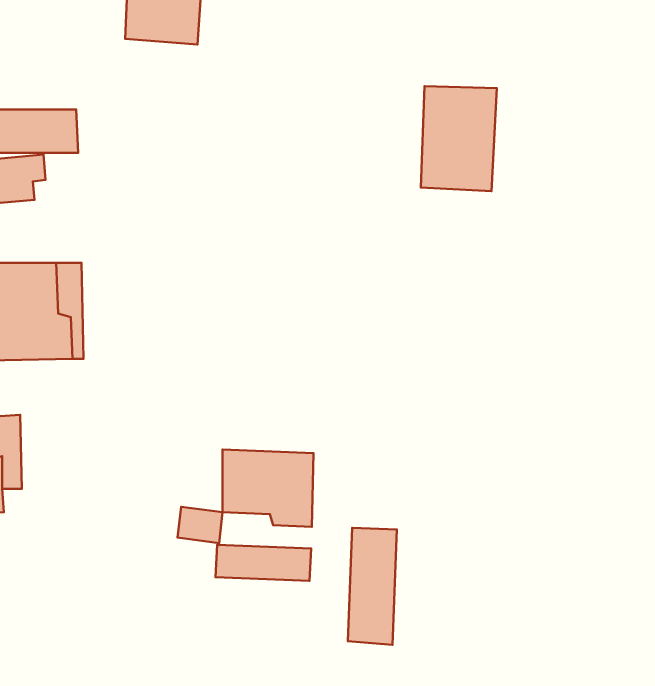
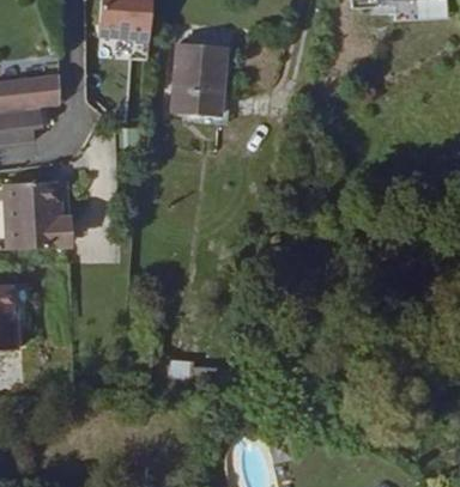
building: [421,86,497,191] -> [171,43,222,112]
building: [223,450,314,527] -> none
building: [348,528,397,645] -> none

